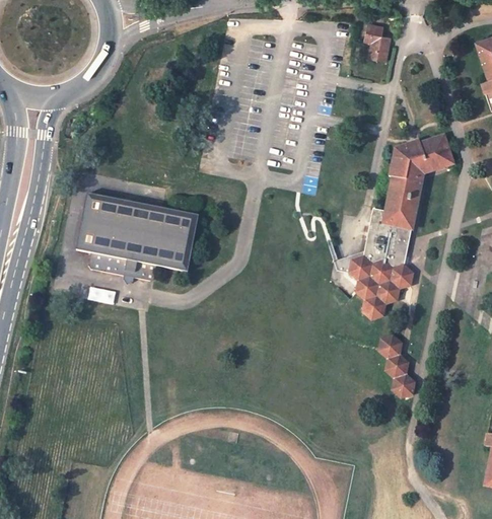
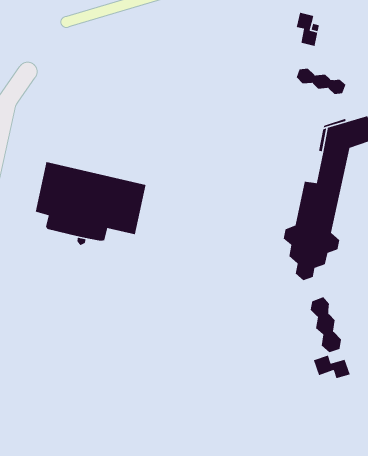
building: none -> [296,68,347,95]
building: none -> [313,355,351,379]

